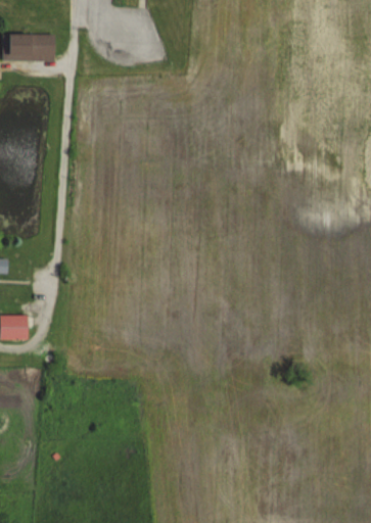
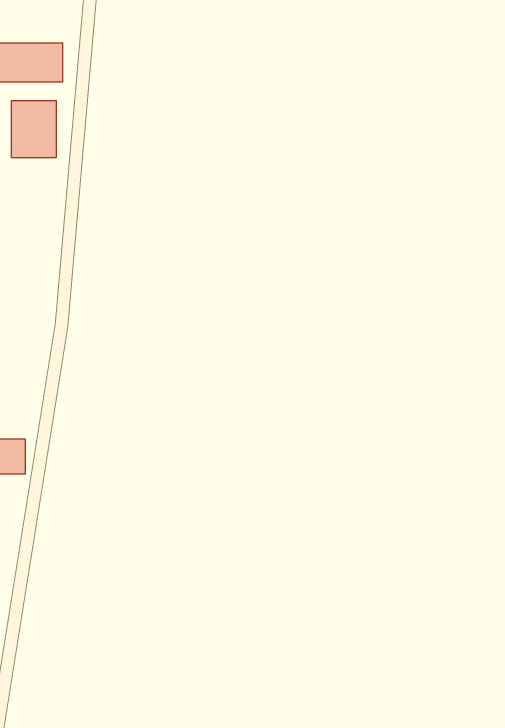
building: none -> [12,101,56,158]

